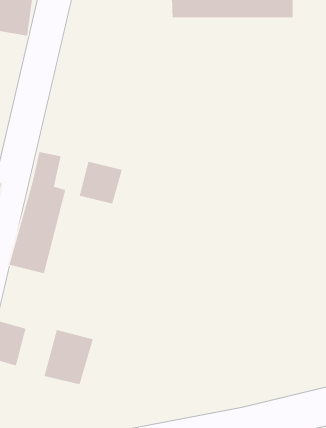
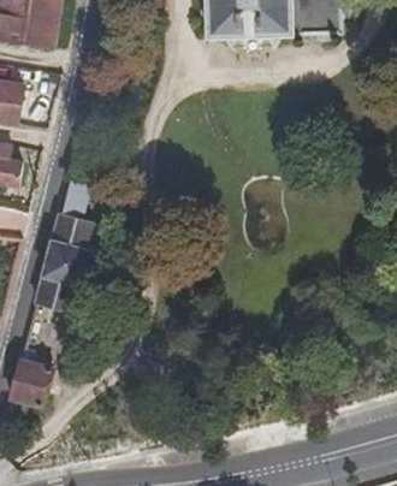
building: [79,161,123,204] -> none
building: [44,329,94,385] -> none

